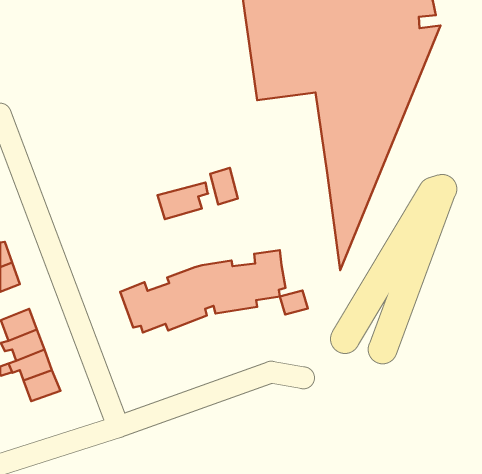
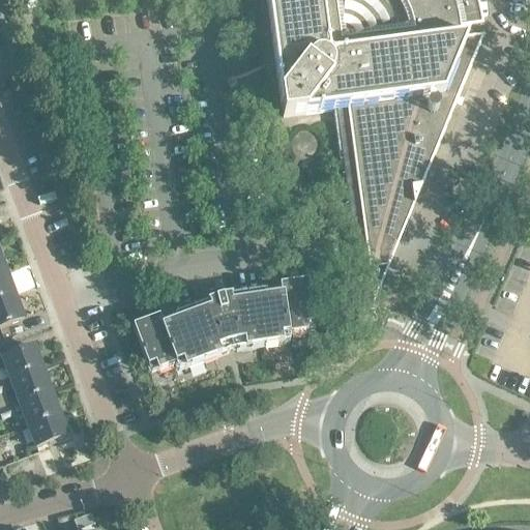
building: [210,168,238,204] -> none
building: [158,183,208,219] -> none
building: [280,290,308,314] -> none

